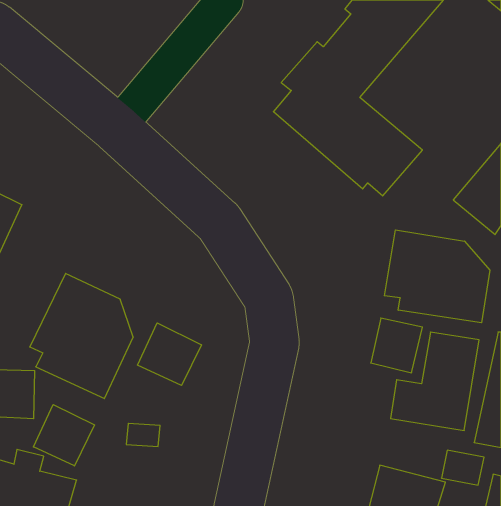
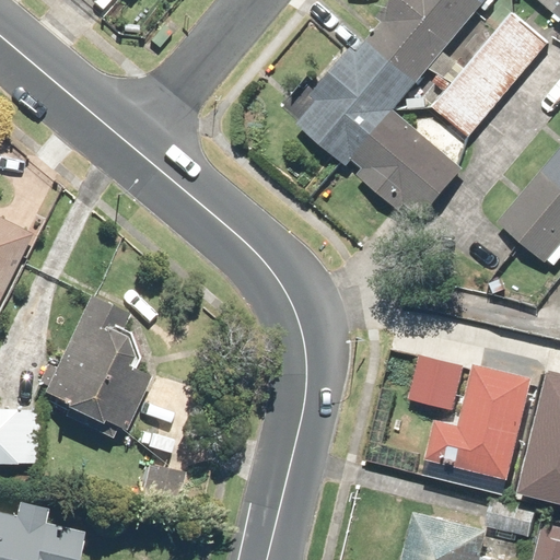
building: none -> [430,13,546,139]
building: [384,230,490,323] -> none
building: [137,323,201,385] -> none
building: [33,405,94,466] -> none

